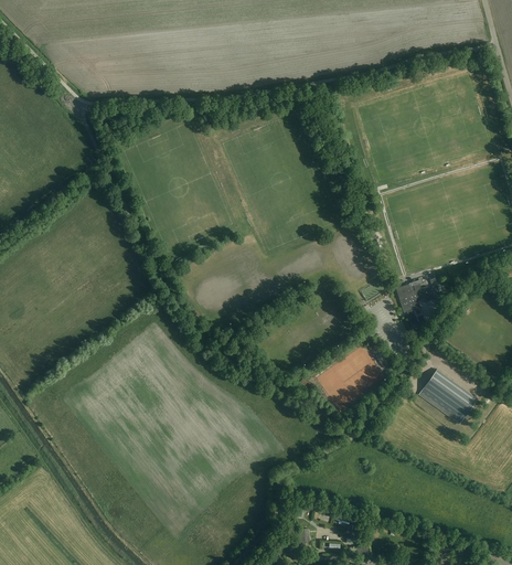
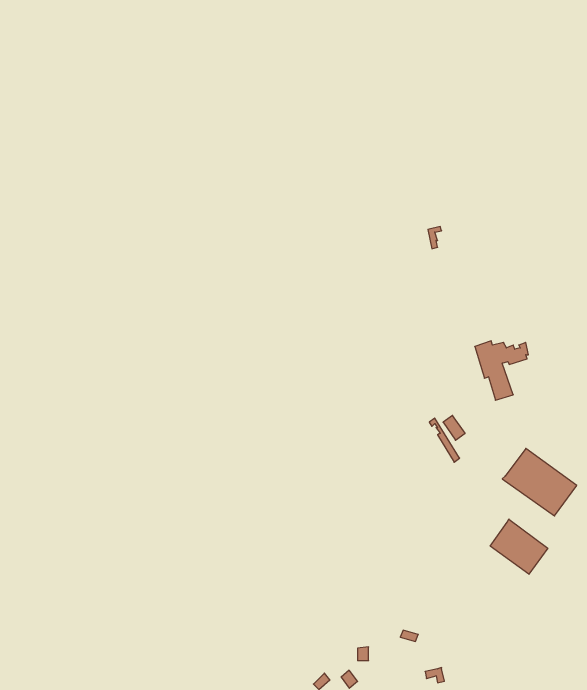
building: none -> [490,519,548,574]

